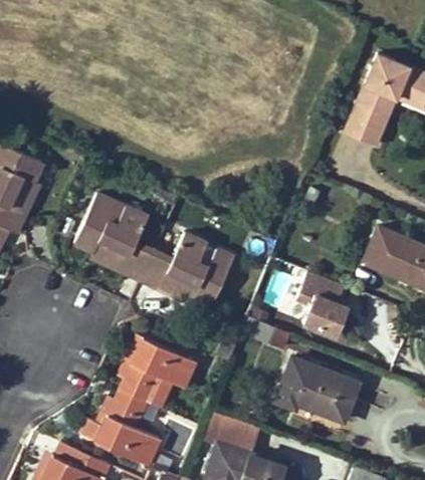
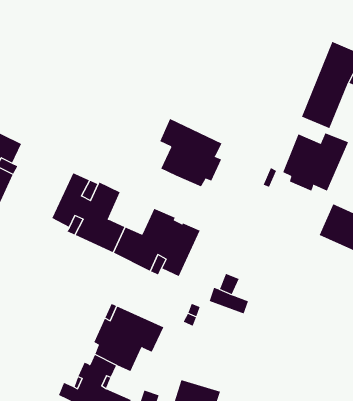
building: none -> [160,118,222,187]
building: none -> [283,132,349,192]
building: [294,274,347,336] -> none
building: [275,358,358,422] -> none

